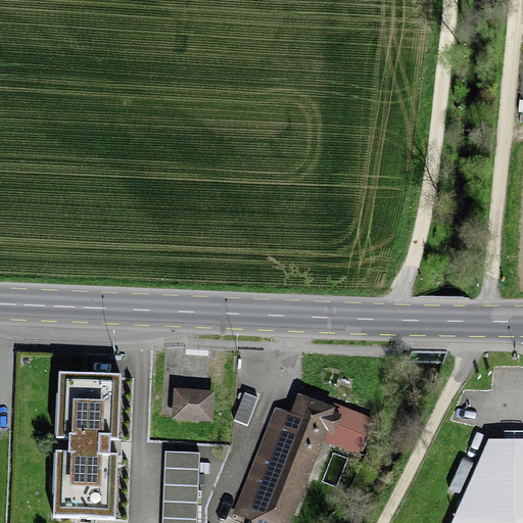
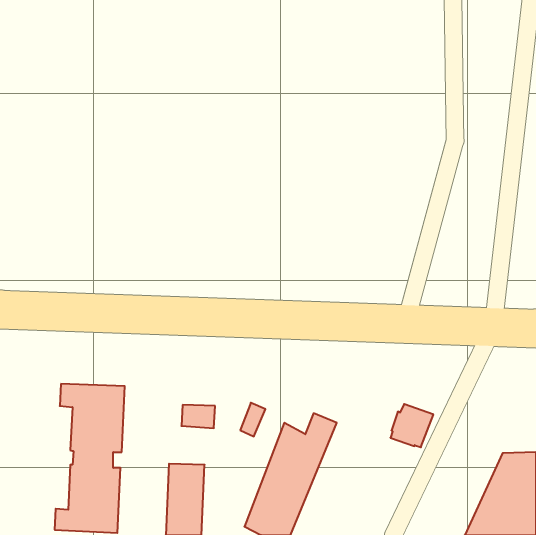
building: [331,408,373,449] -> [390,404,433,447]

